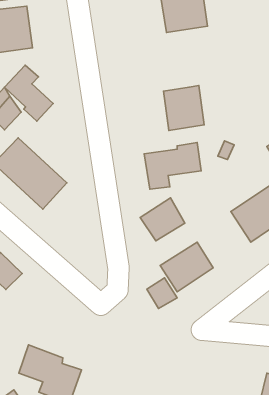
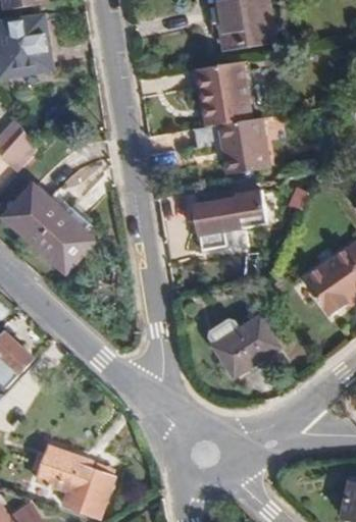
building: none -> [195,60,250,125]
building: [4,65,53,121] -> none
building: [140,198,185,241] -> none
building: [147,278,177,309] -> none

